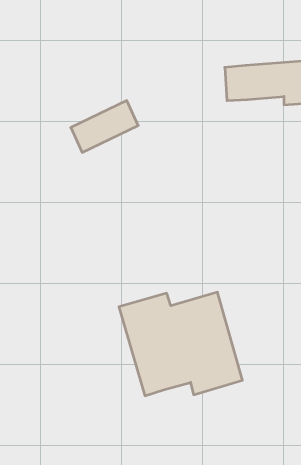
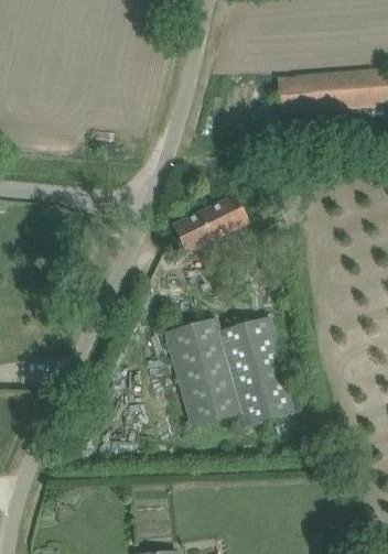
building: [71,101,138,152] -> [174,196,246,251]

